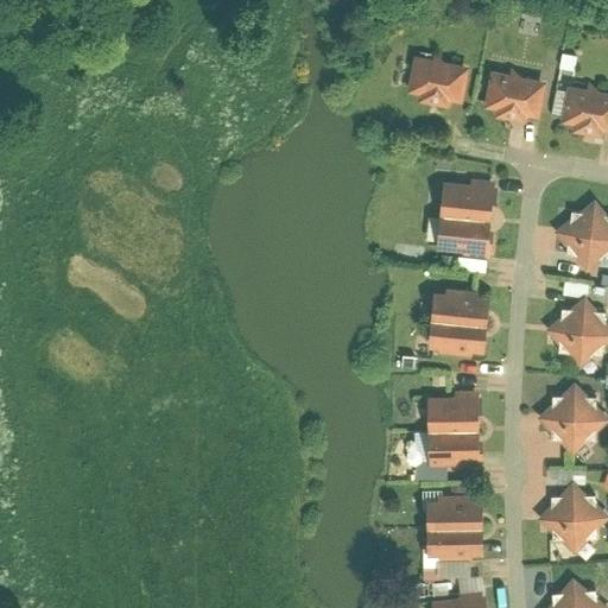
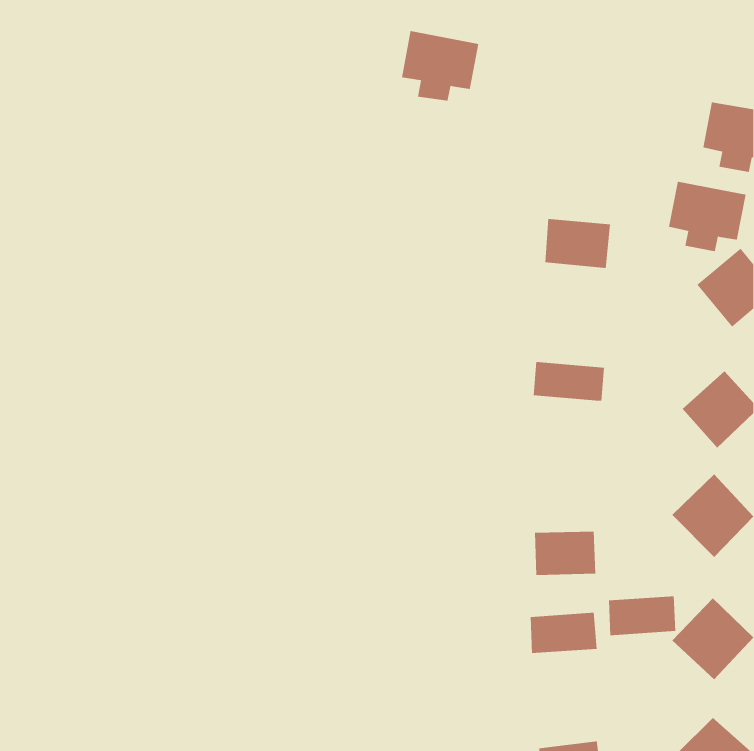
building: [406,55,469,112] -> [401,30,479,101]
building: [486,70,549,127] -> [668,181,746,252]
building: [436,214,489,249] -> none
building: [426,321,482,354] -> none
building: [430,397,479,431] -> none
building: [428,525,482,557] -> [608,596,676,636]

